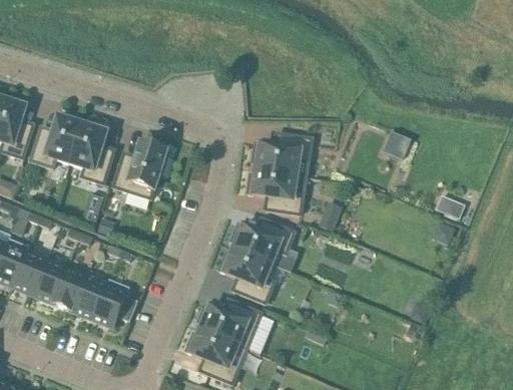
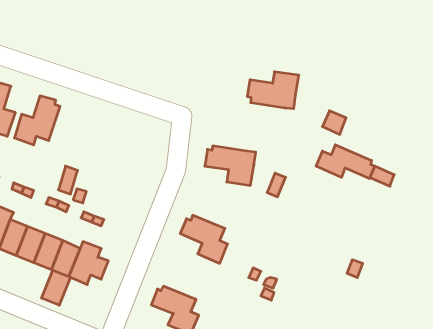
building: [69,121,112,184] -> none
building: [252,134,312,176] -> [247,72,299,109]
building: [112,139,168,199] -> none
building: none -> [316,145,375,179]
building: [231,222,295,264] -> none
building: [197,303,262,349] -> none
building: none -> [42,270,70,305]

